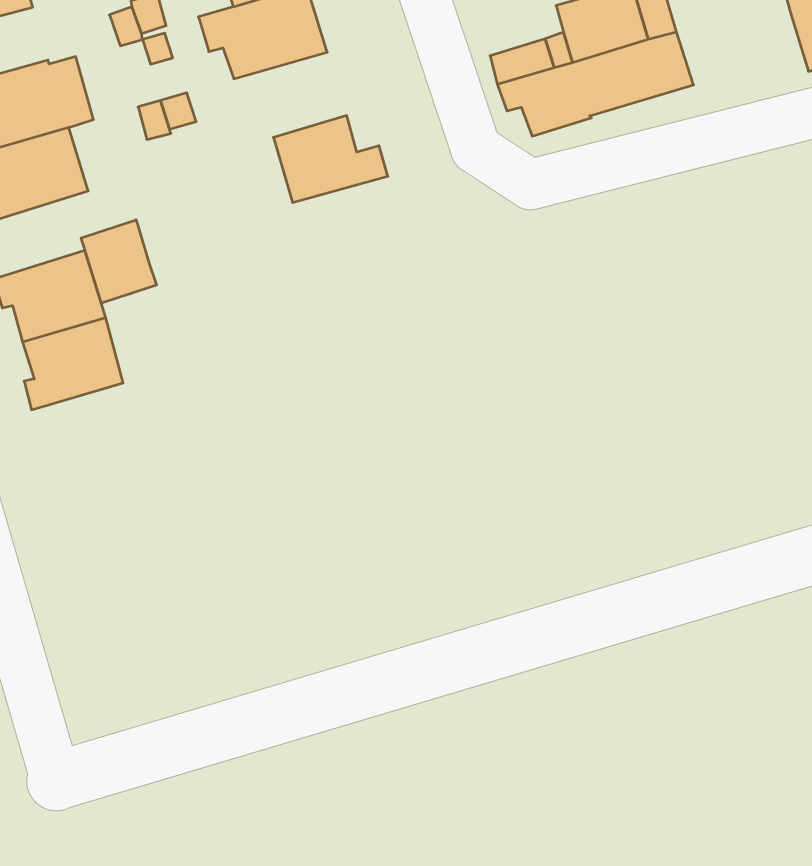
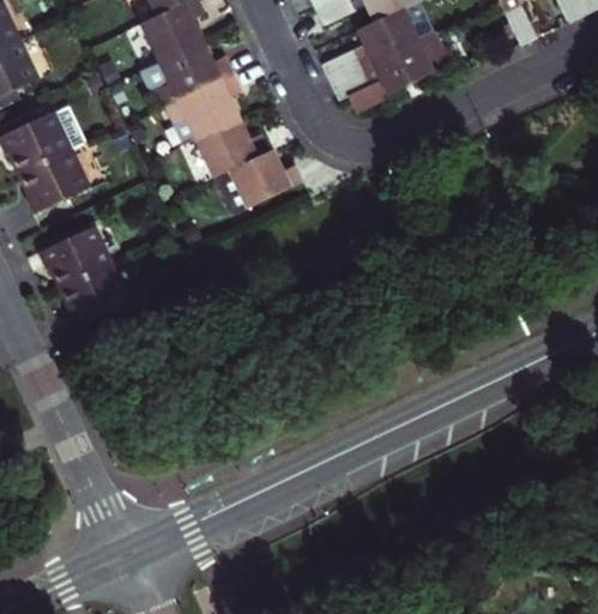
building: none -> [167,78,240,142]
building: none -> [215,146,303,212]
building: [81,220,157,303] -> none

